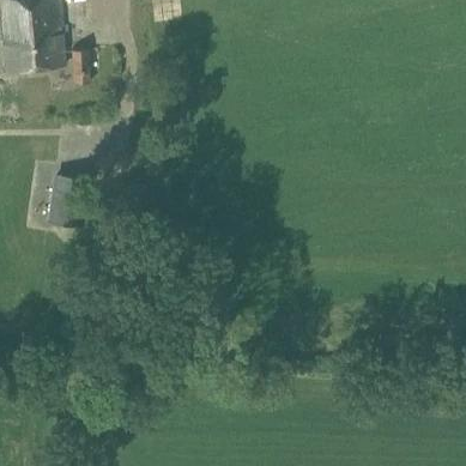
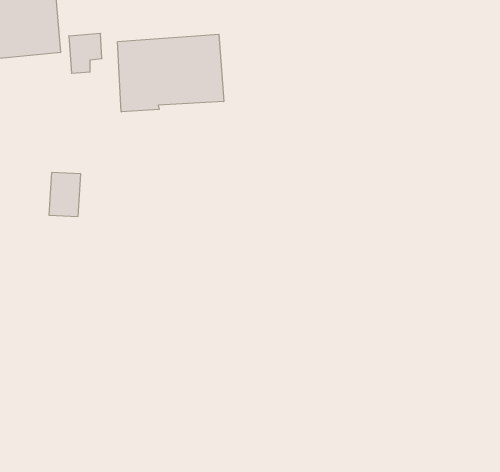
building: none -> [118,34,224,112]

